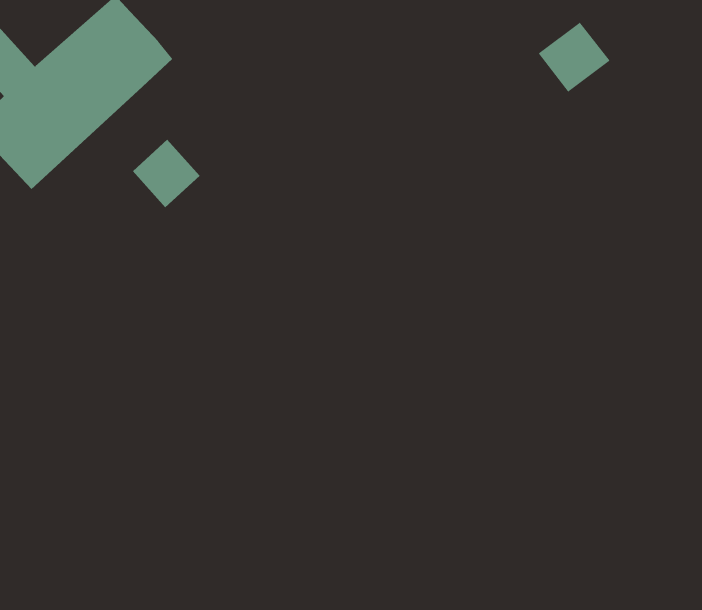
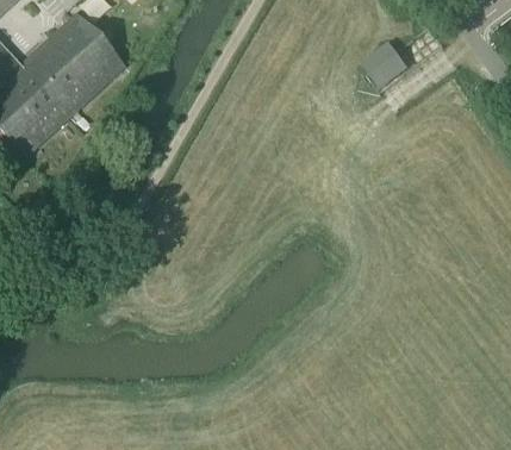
building: [132,139,200,208] -> none

